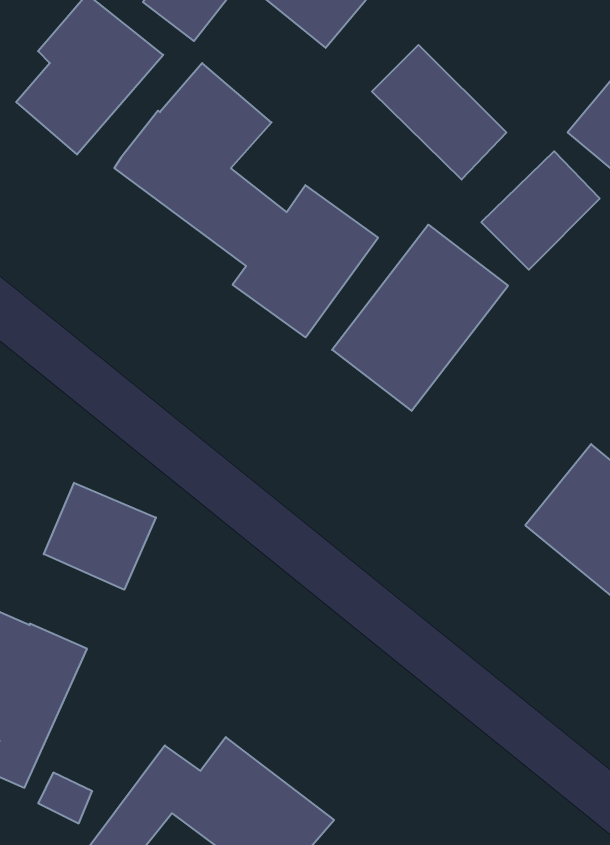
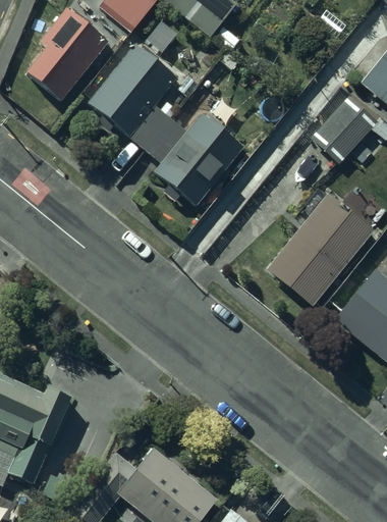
building: [372,45,506,180] -> none
building: [332,225,508,411] -> [269,195,375,307]
building: [44,483,156,590] -> none

